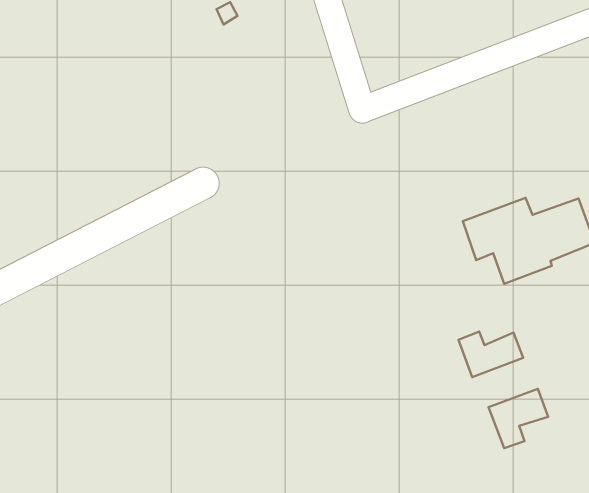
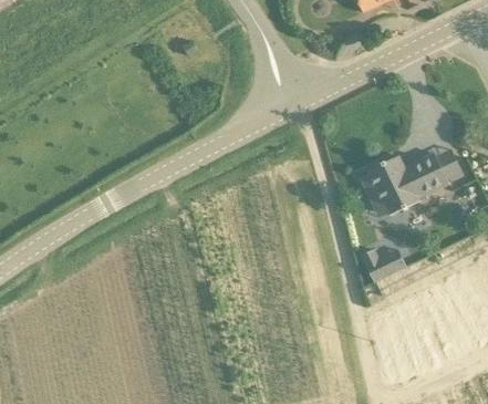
building: [488,389,548,448] -> none

